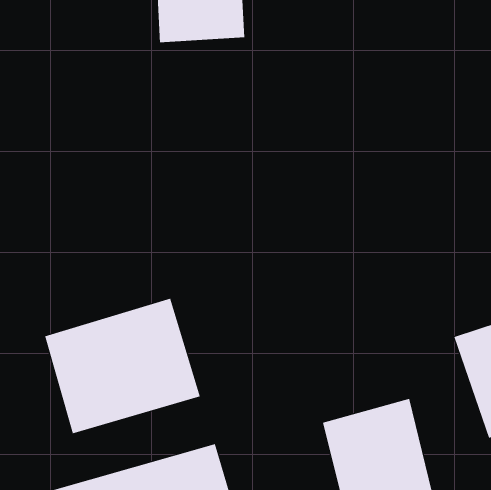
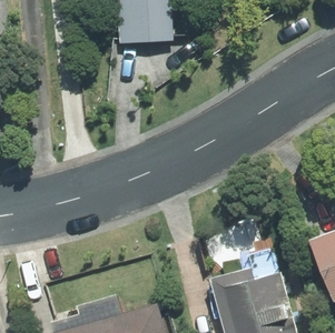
building: [44,298,201,434] -> none

